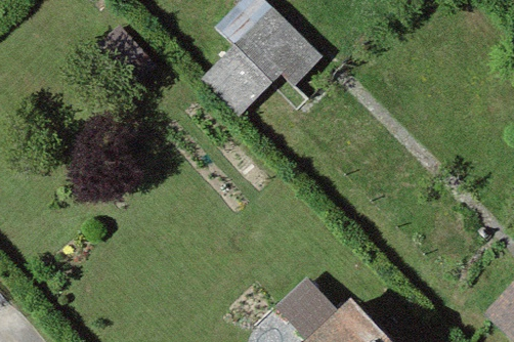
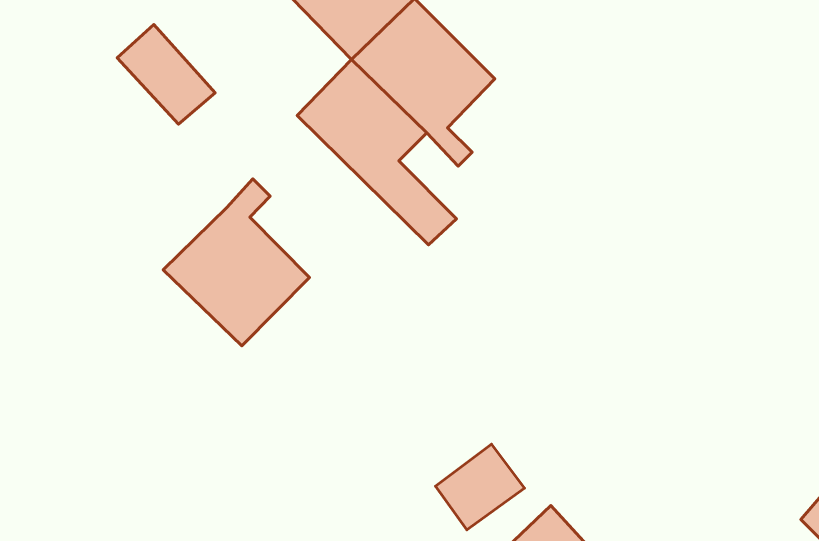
building: none -> [163,179,309,346]

